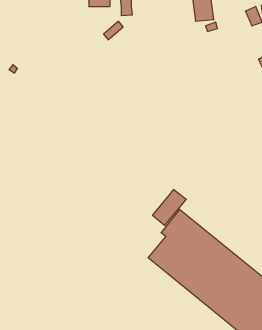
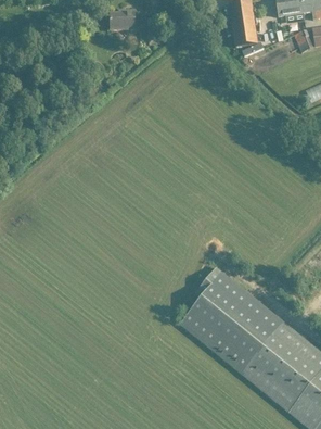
building: [153,189,186,226] -> none

